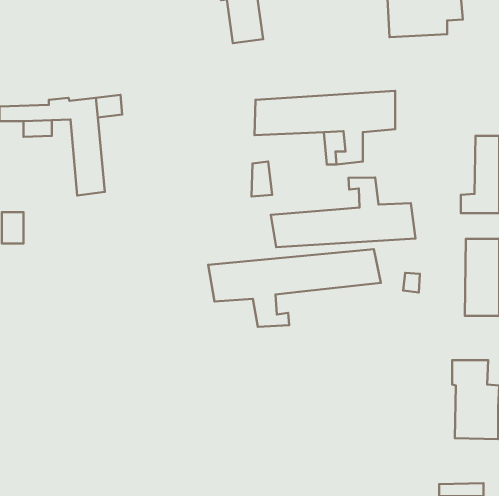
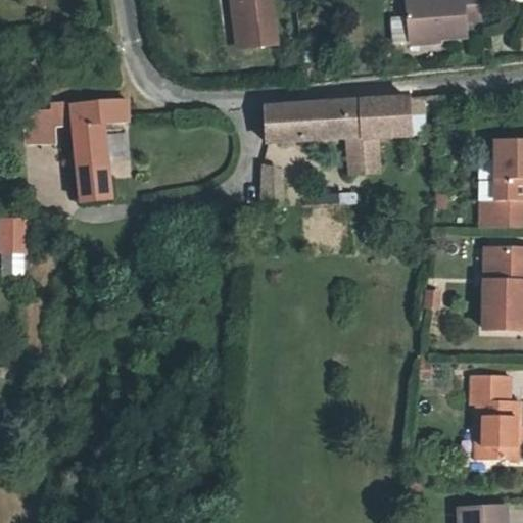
building: [271,177,415,247] -> none
building: [208,249,381,327] -> none

